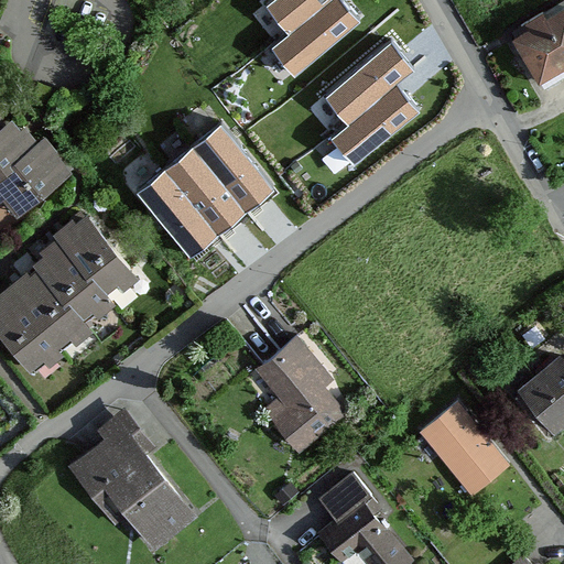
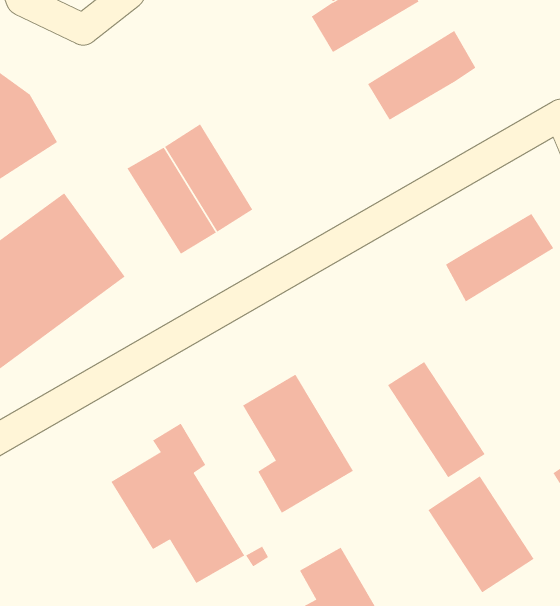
building: [328,82,416,162] -> [445,213,554,302]
building: [189,121,271,208] -> none
building: none -> [387,361,485,478]
building: [69,411,188,542] -> [111,423,245,584]

